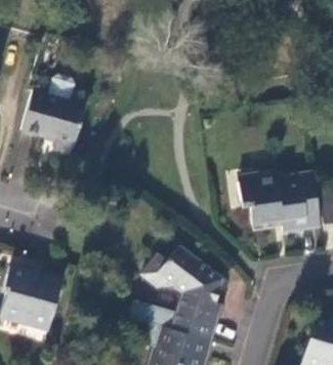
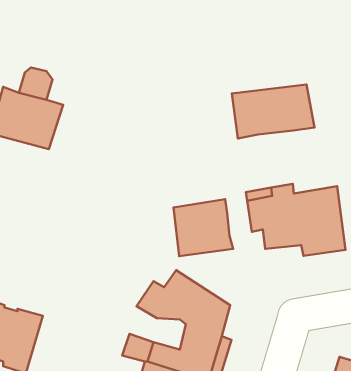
building: none -> [232,84,315,139]
building: none -> [174,199,233,256]

